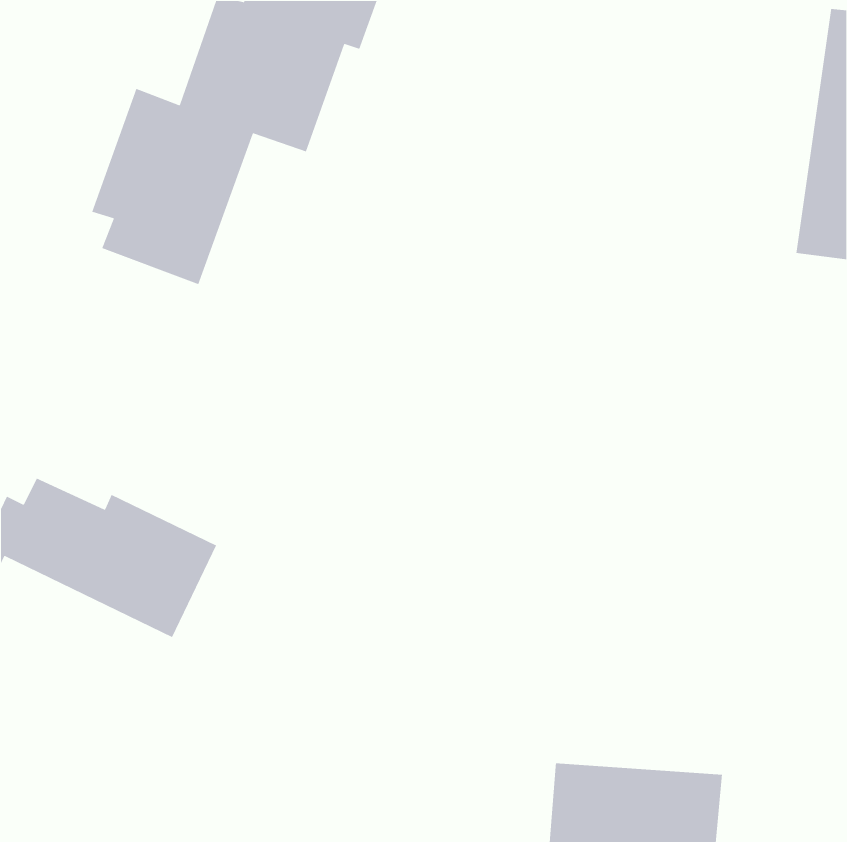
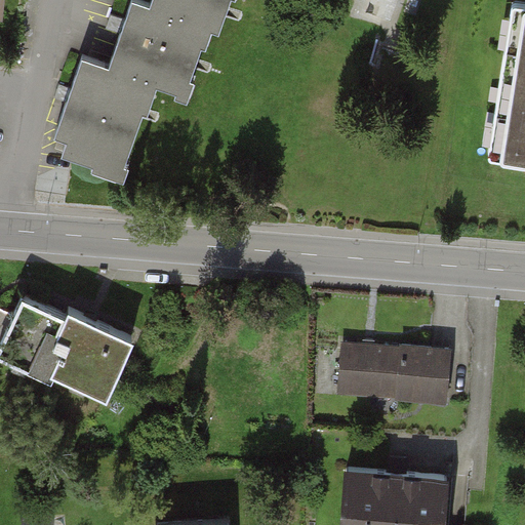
building: none -> [340,346,449,400]

